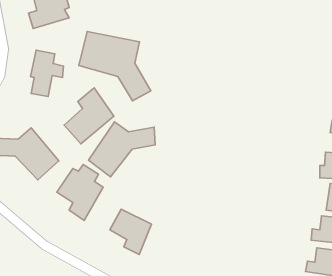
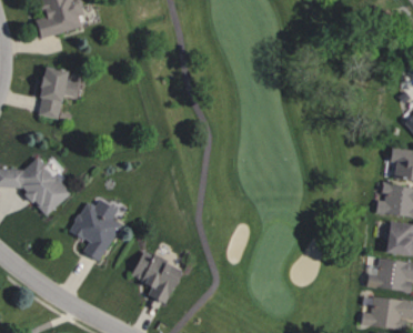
building: [79,32,151,101] -> none
building: [64,88,114,144] -> none
building: [88,122,155,177] -> none

